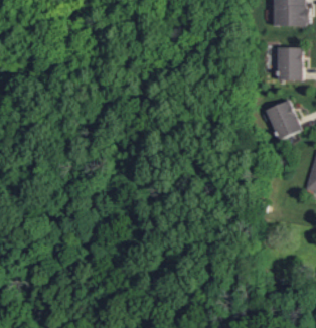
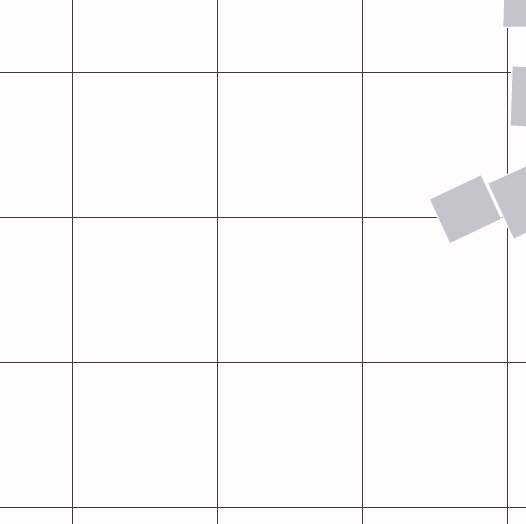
building: none -> [429,175,502,244]

